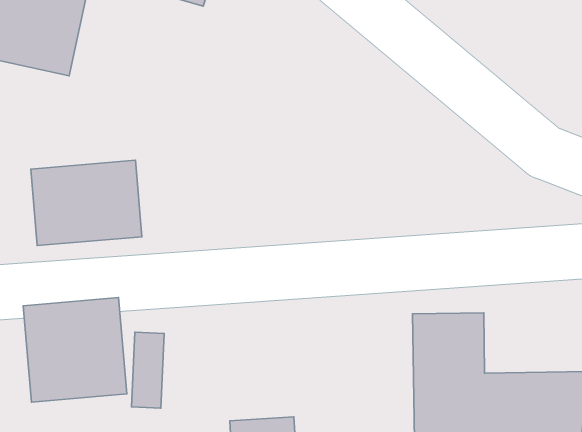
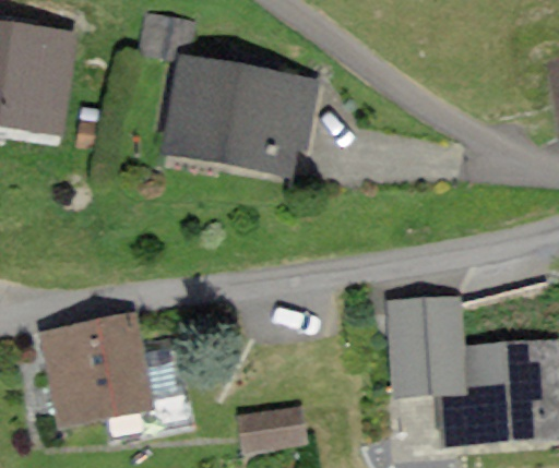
building: none -> [166,57,311,164]
building: [31,160,142,246] -> none

